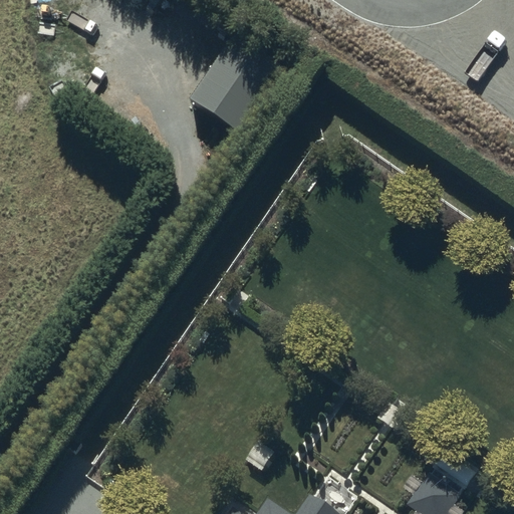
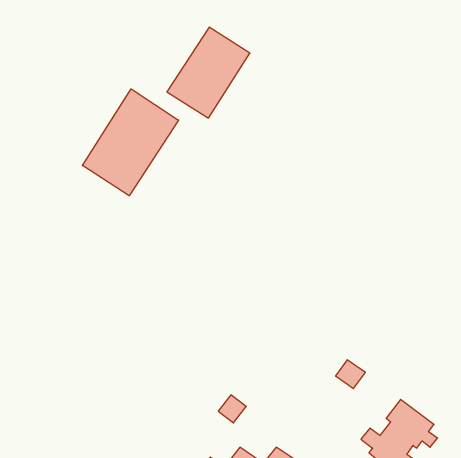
building: none -> [82,89,179,196]

